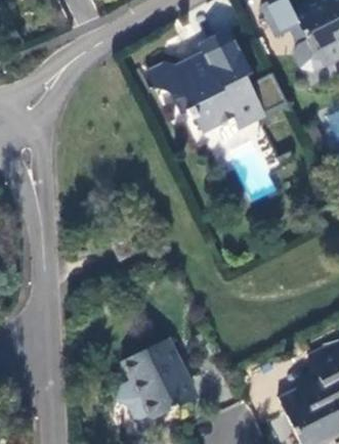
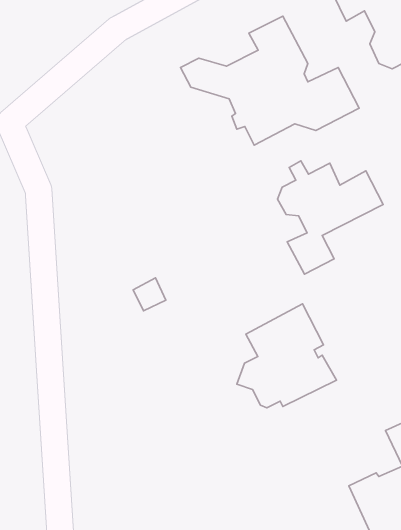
building: none -> [278,161,383,274]
building: [115,339,193,419] -> [237,304,337,408]

